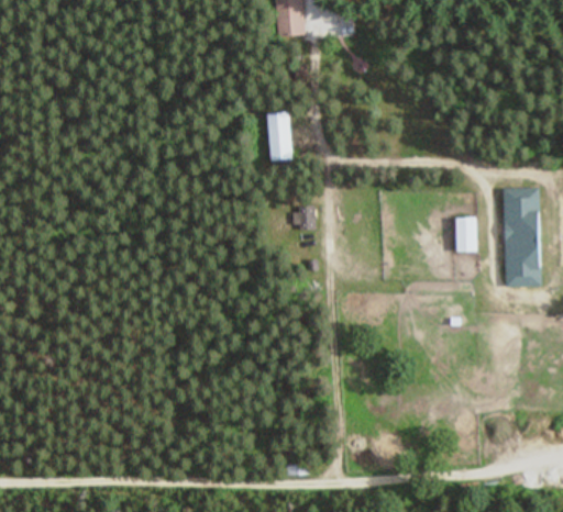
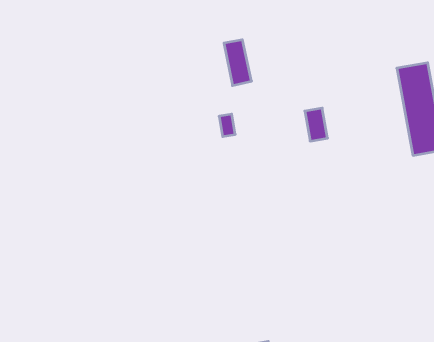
building: [268,112,291,160] -> [224,40,252,86]
building: [456,218,476,252] -> [305,108,328,141]

